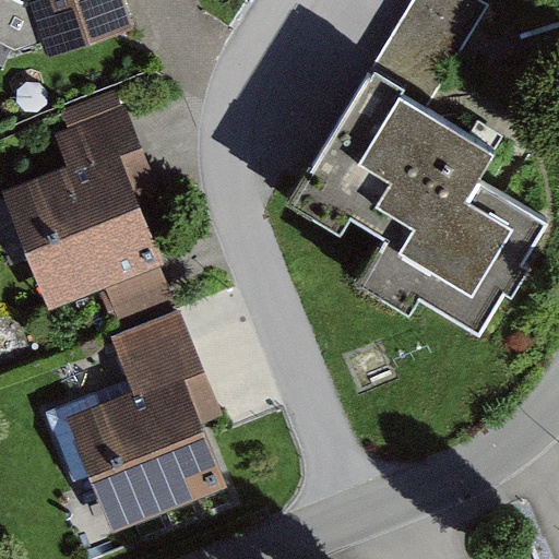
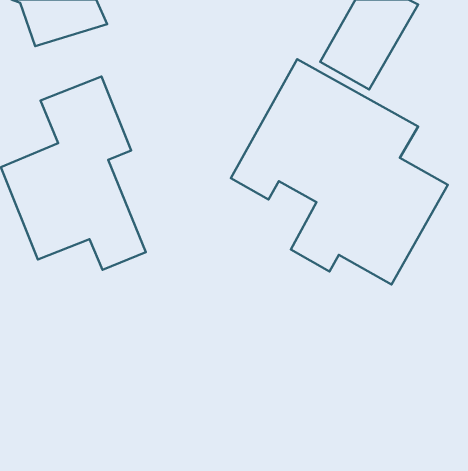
building: [66,302,226,524] -> none

